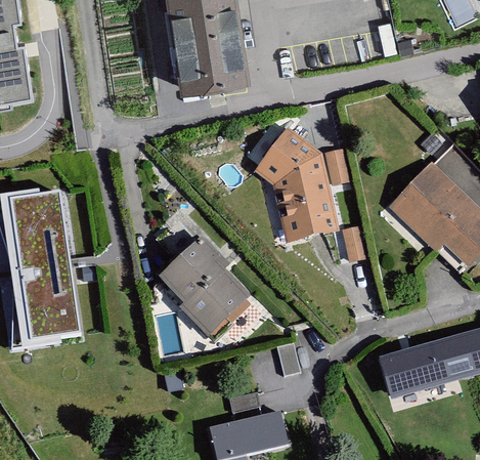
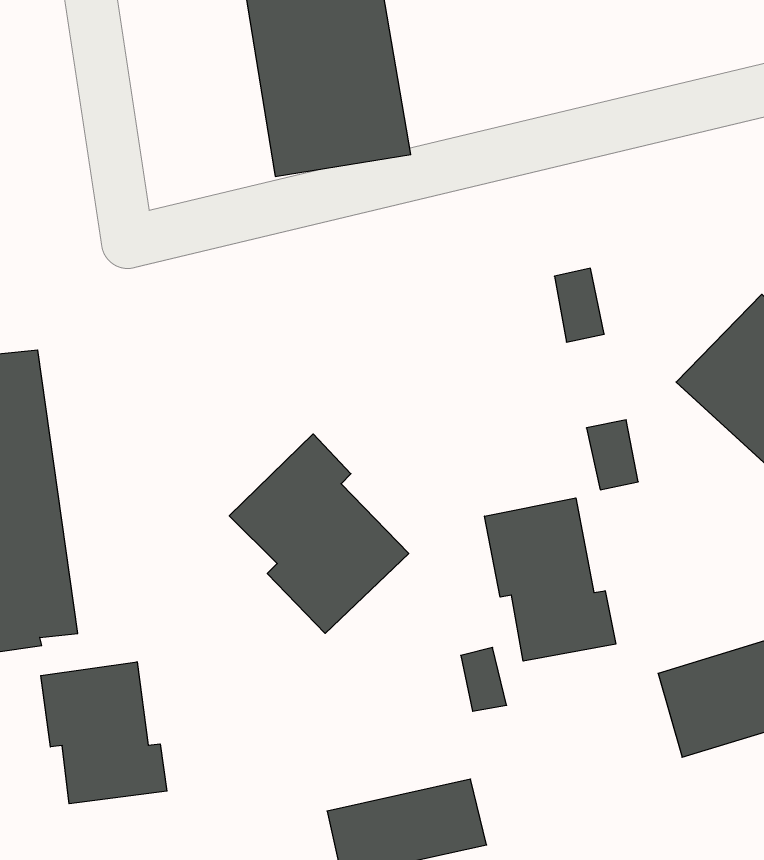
building: [253,126,339,242] -> none
building: none -> [485,498,616,661]
building: none -> [41,662,167,804]

